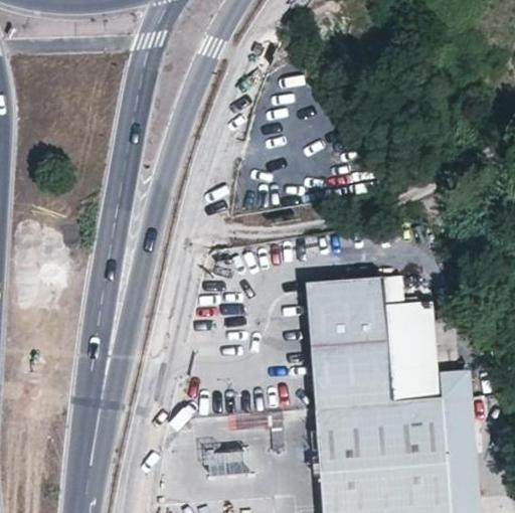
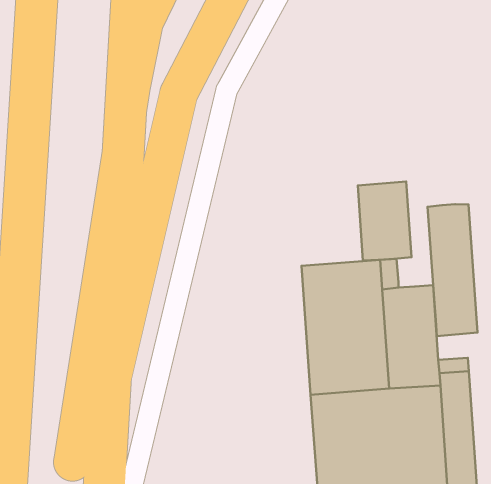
building: none -> [358,182,412,260]
building: none -> [427,204,478,336]

